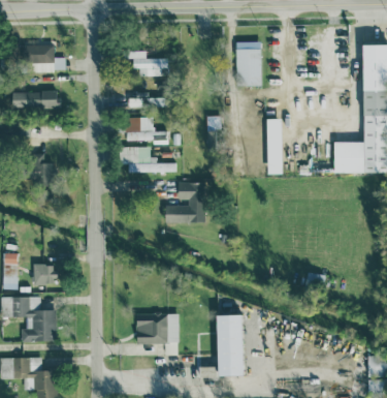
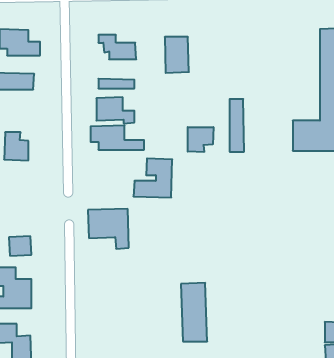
building: [235,48,261,86] -> [165,37,189,73]
building: none -> [188,127,213,152]
building: [135,312,179,355] -> [88,209,129,249]

